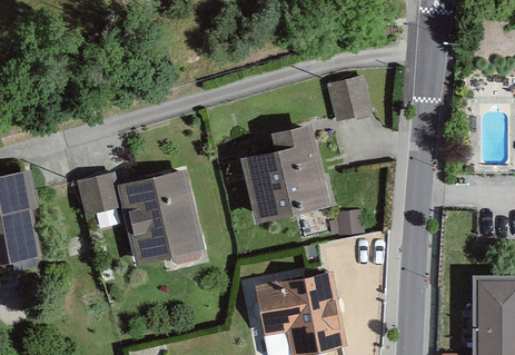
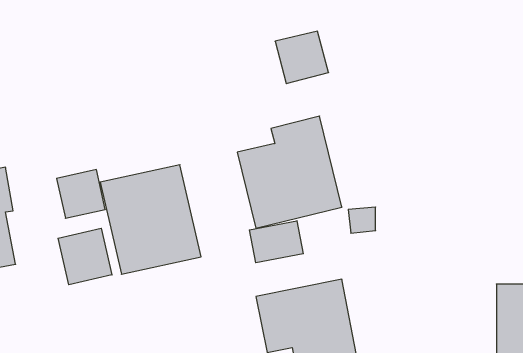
building: [327,73,375,120] -> [275,31,329,84]
building: none -> [249,221,303,263]
building: none -> [58,228,112,285]

